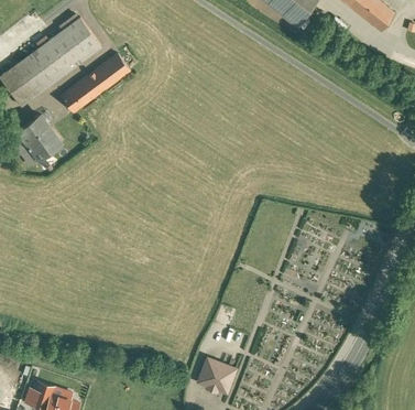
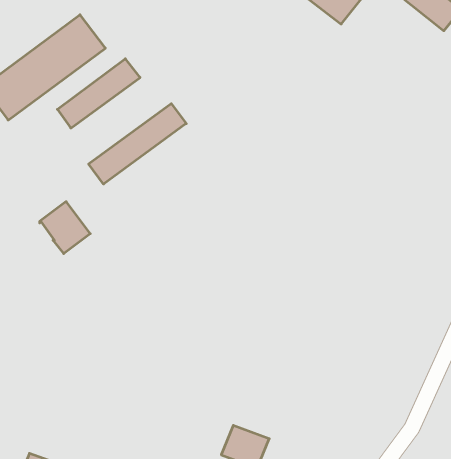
building: none -> [89,104,186,184]
building: [19,115,61,158] -> [40,202,90,254]

